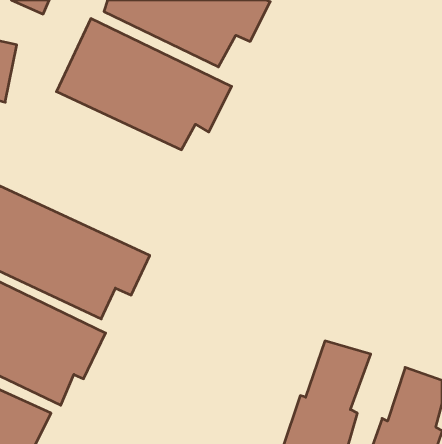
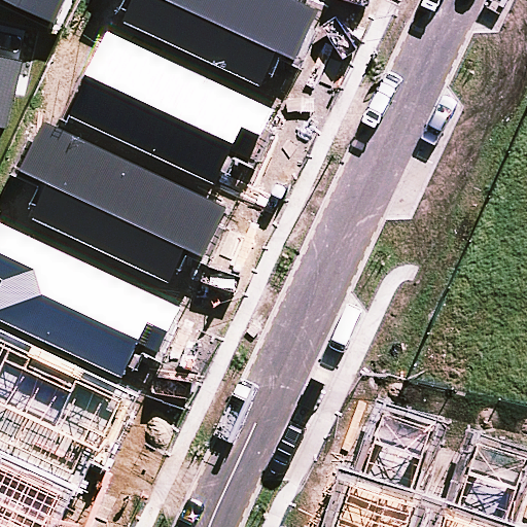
building: none -> [21,120,223,281]

